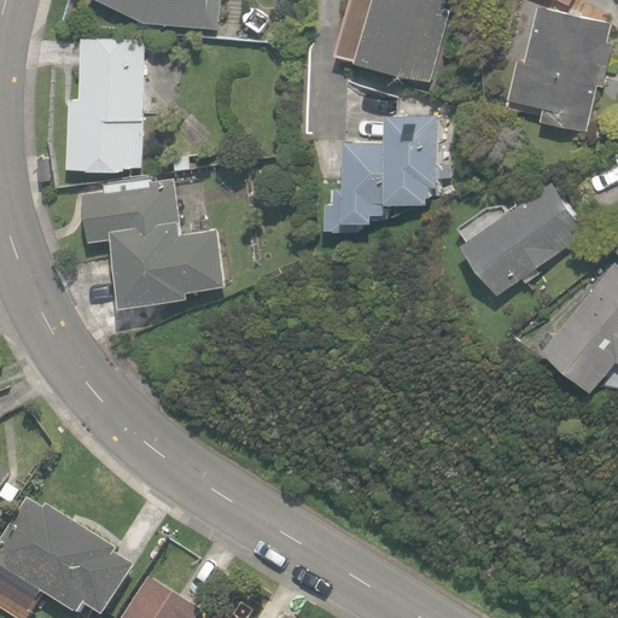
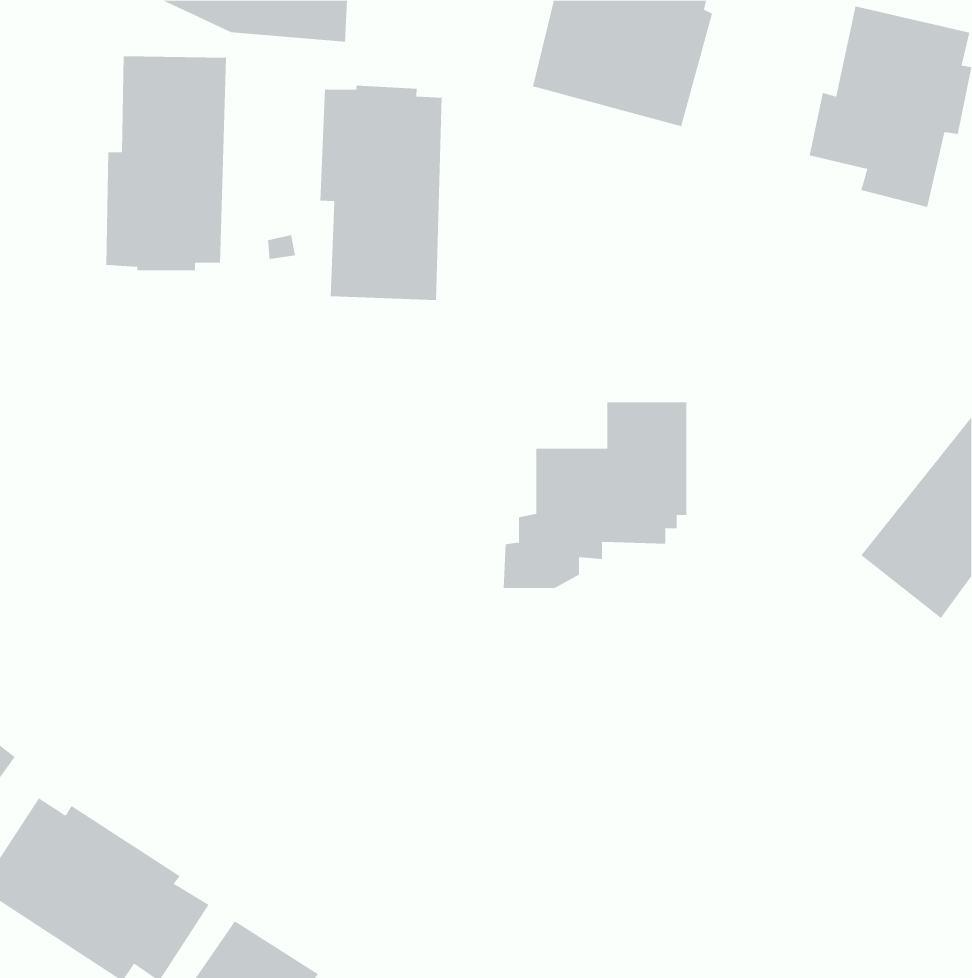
building: none -> [320,85,442,301]
building: [323,116,439,233] -> [503,402,687,588]
building: [84,179,223,307] -> none
building: [462,182,585,296] -> none

